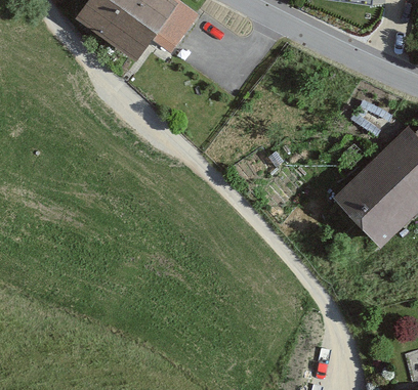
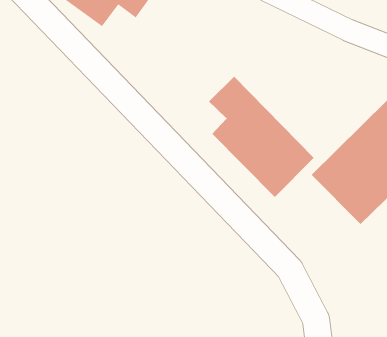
building: none -> [208,76,315,198]

